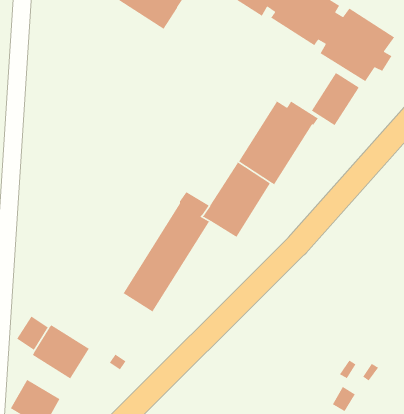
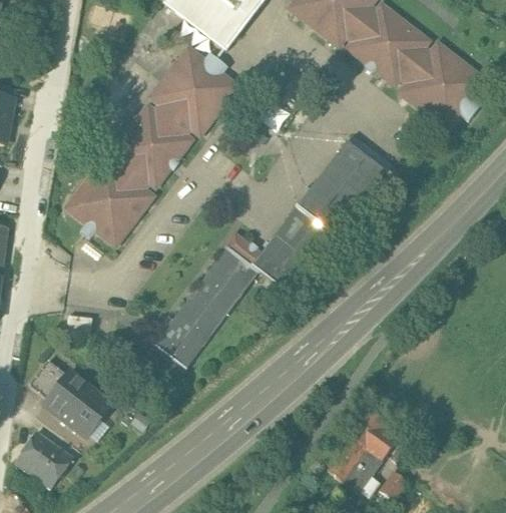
building: none -> [66,48,237,244]
building: [311,72,360,126] -> none
building: none -> [327,412,397,494]

